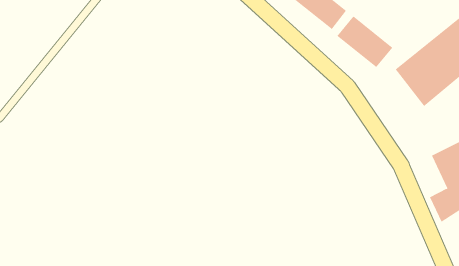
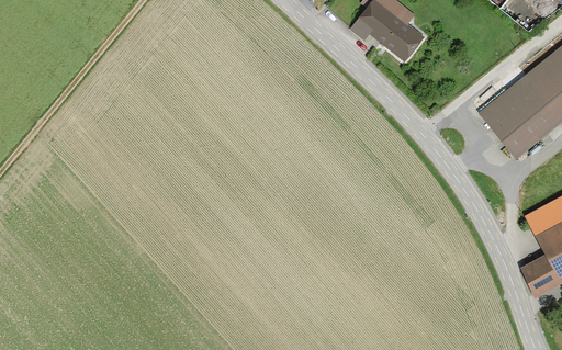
building: [336,16,393,68] -> none

